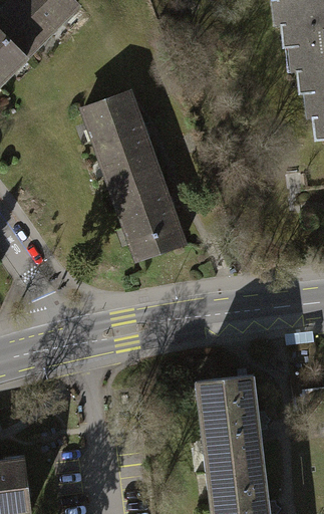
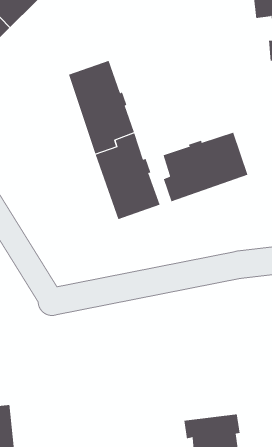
building: none -> [163,132,248,202]
building: [196,373,270,473] -> none

